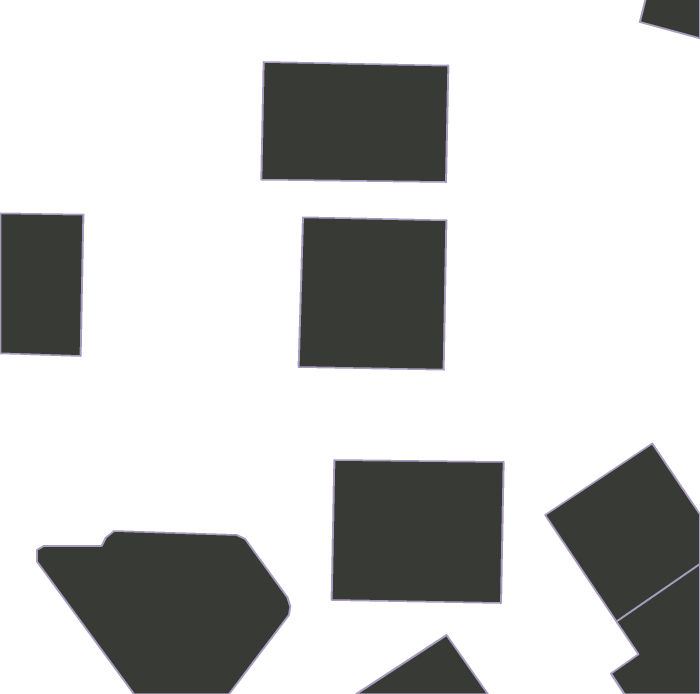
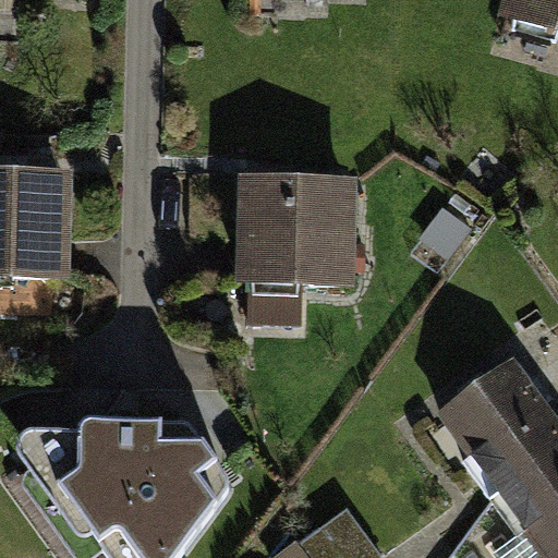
building: [262,62,448,182] -> none
building: [332,460,503,603] -> none

